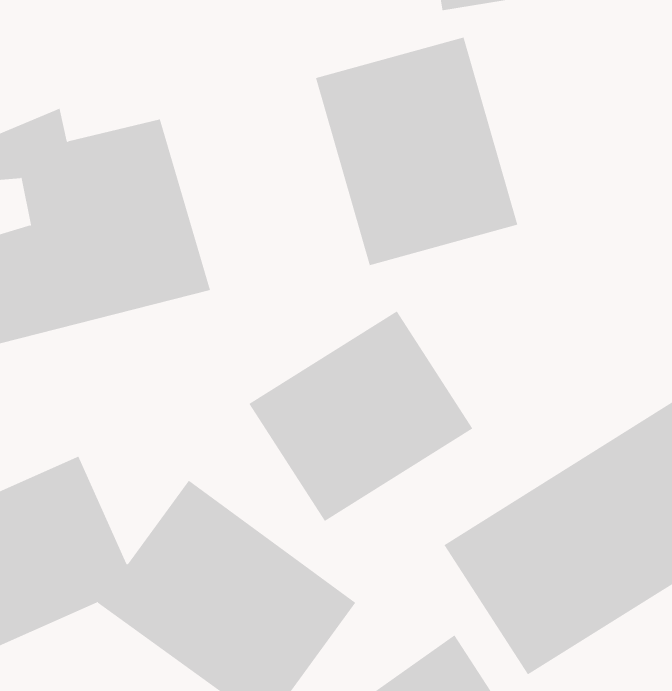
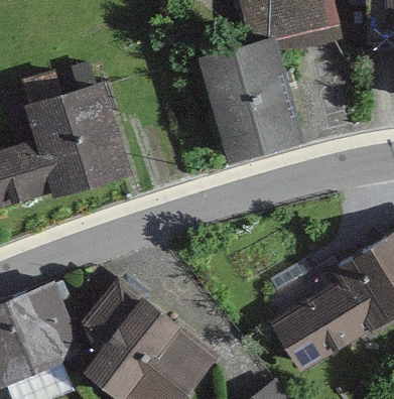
building: [249,310,473,522] -> none

